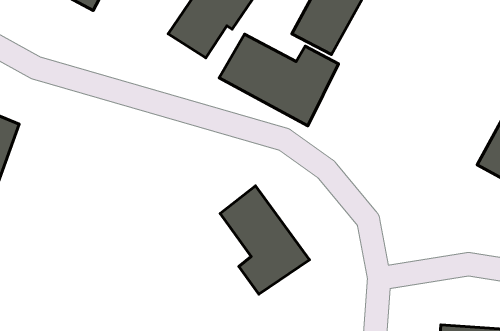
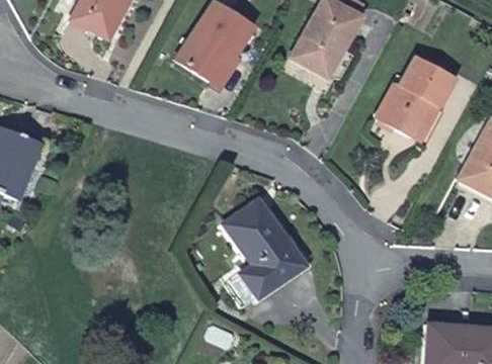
building: none -> [378,58,455,146]
building: [219,34,338,126] -> none

